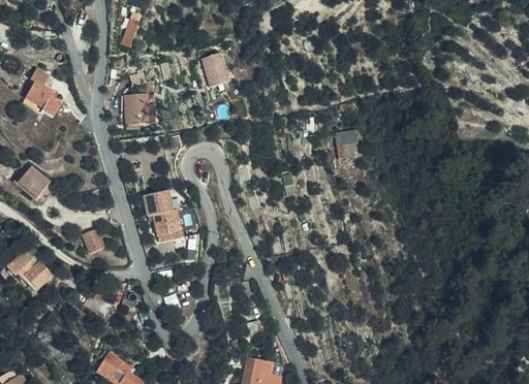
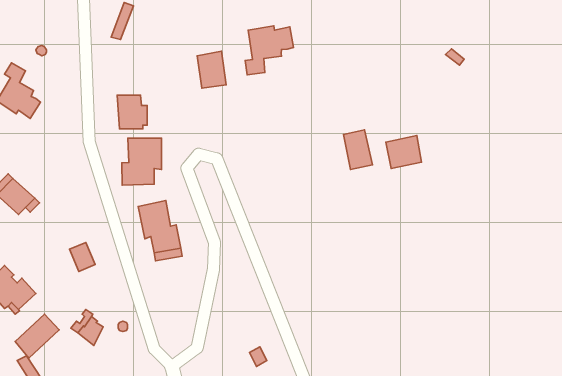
building: none -> [245,26,293,75]
building: none -> [386,136,421,168]
building: none -> [122,138,161,185]
building: none -> [15,314,59,358]

